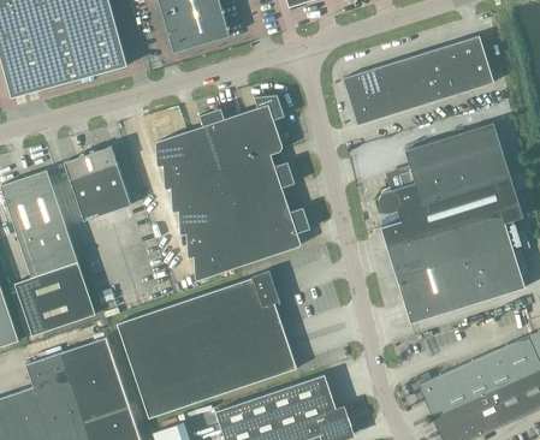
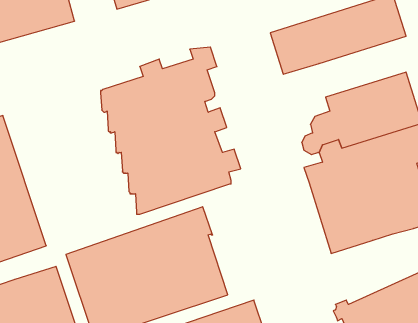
building: [64,145,131,220] -> none

